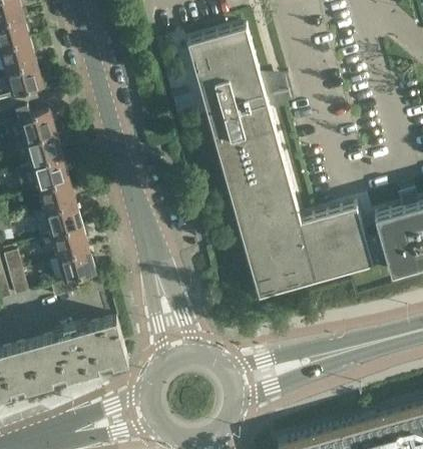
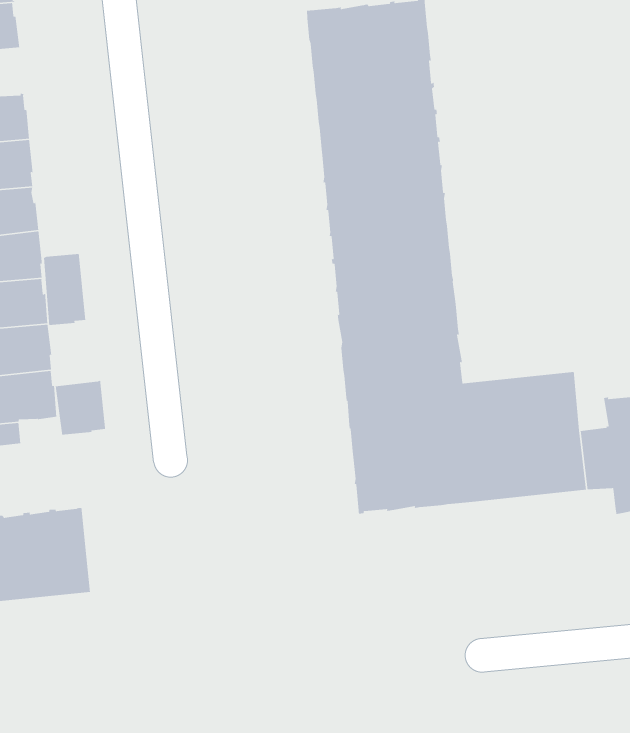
building: none -> [43,253,86,326]
building: none -> [55,380,106,435]

